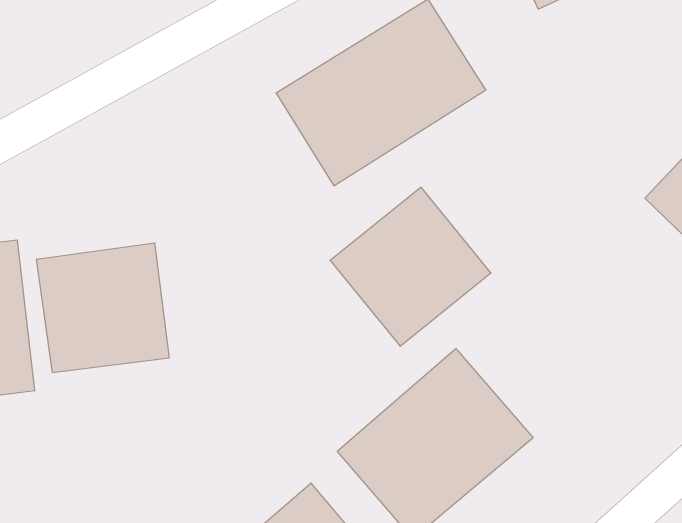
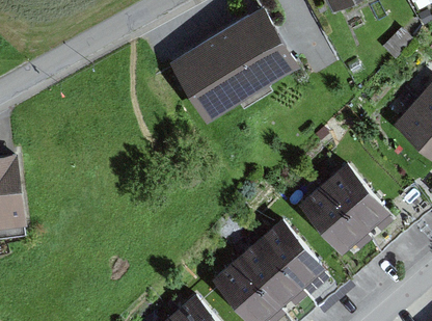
building: [330,187,491,346] -> [295,162,390,257]
building: [37,243,169,373] -> none

